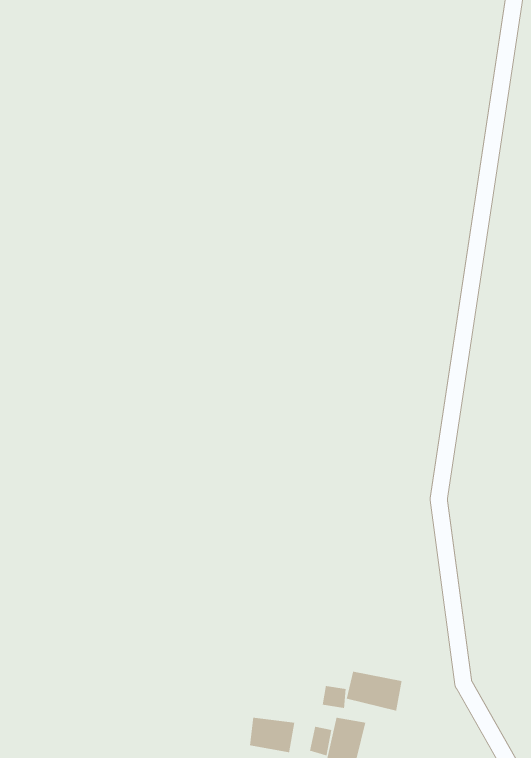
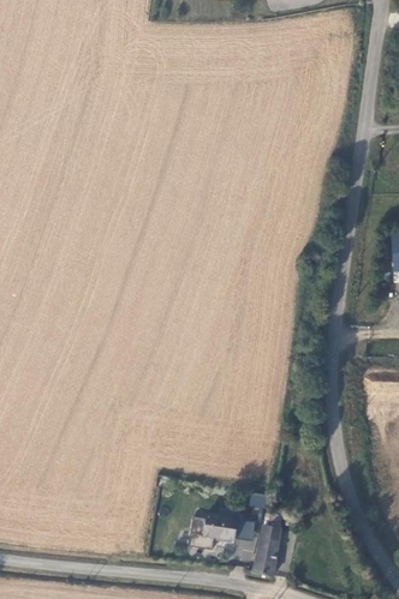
building: [346,671,402,711] -> none

